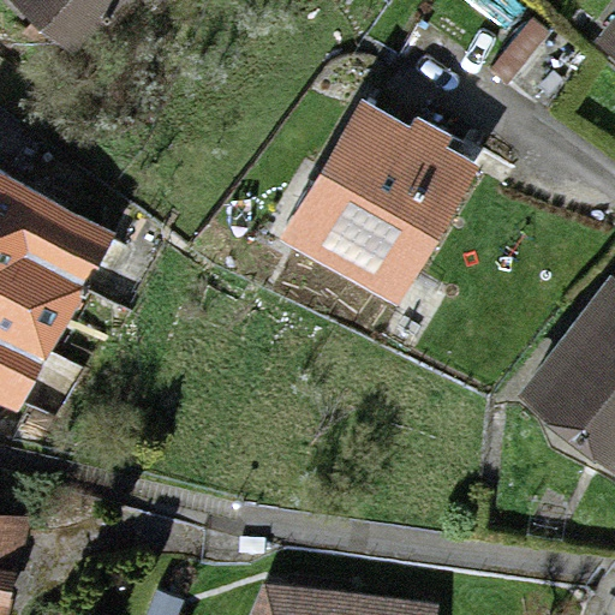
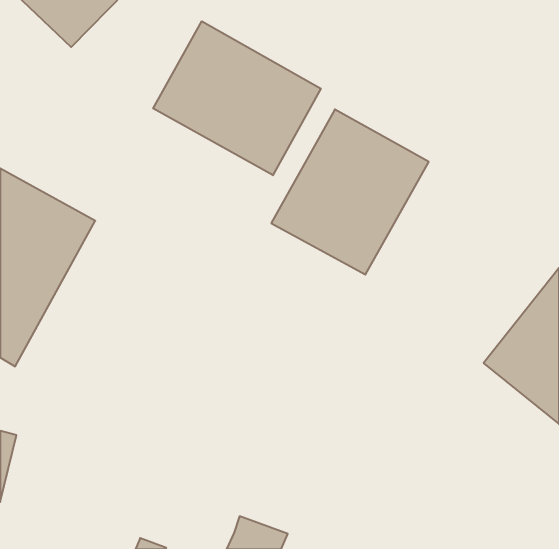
building: none -> [153,21,321,175]

